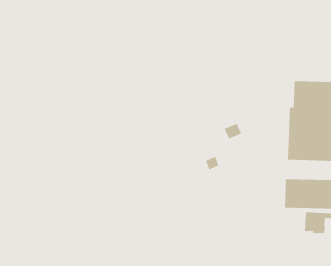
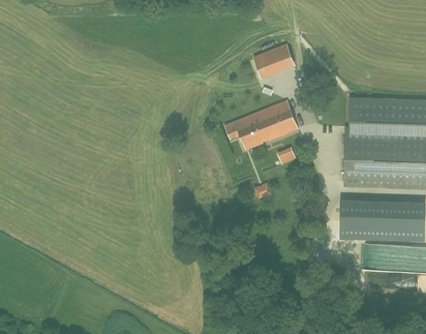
building: none -> [253,43,294,77]
building: none -> [224,100,297,148]

